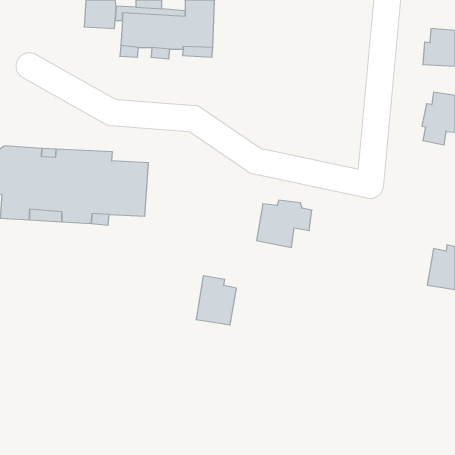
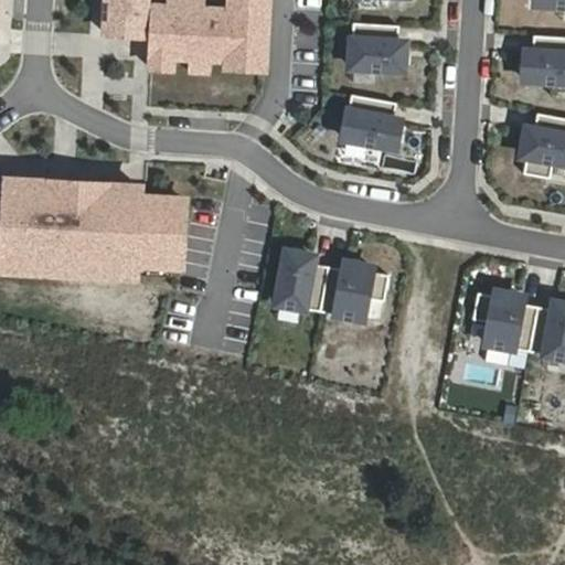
building: none -> [349,25,403,73]
building: none -> [342,97,398,150]
building: none -> [471,295,535,354]
building: [196,276,236,325] -> [275,238,324,299]

